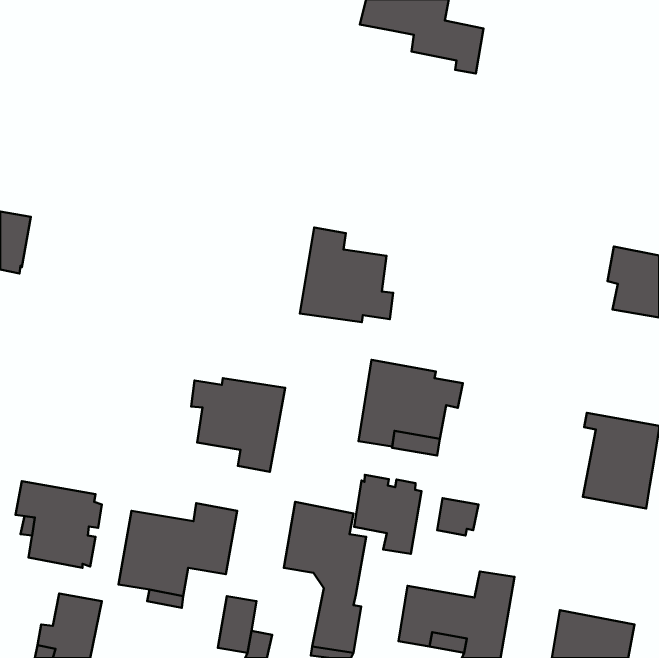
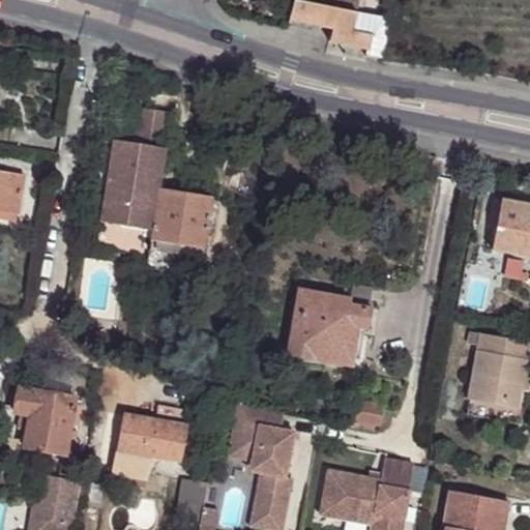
building: none -> [100,107,212,269]
building: [300,228,393,322] -> none
building: [191,378,285,472] -> none
building: [354,475,422,554] -> none

